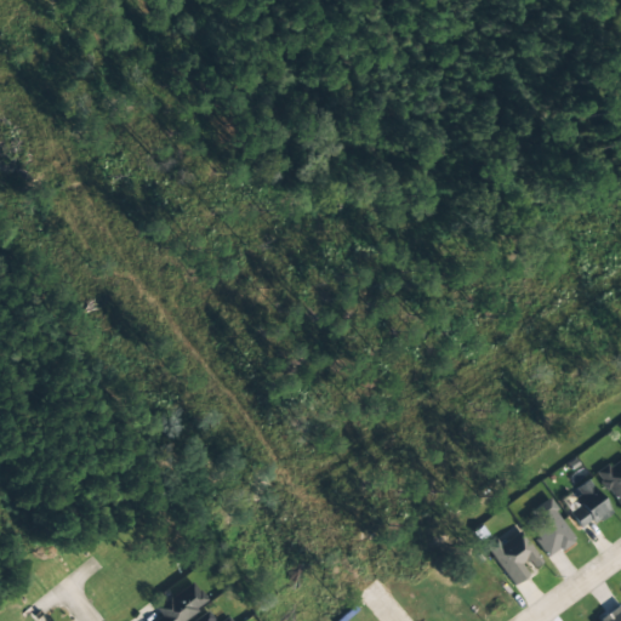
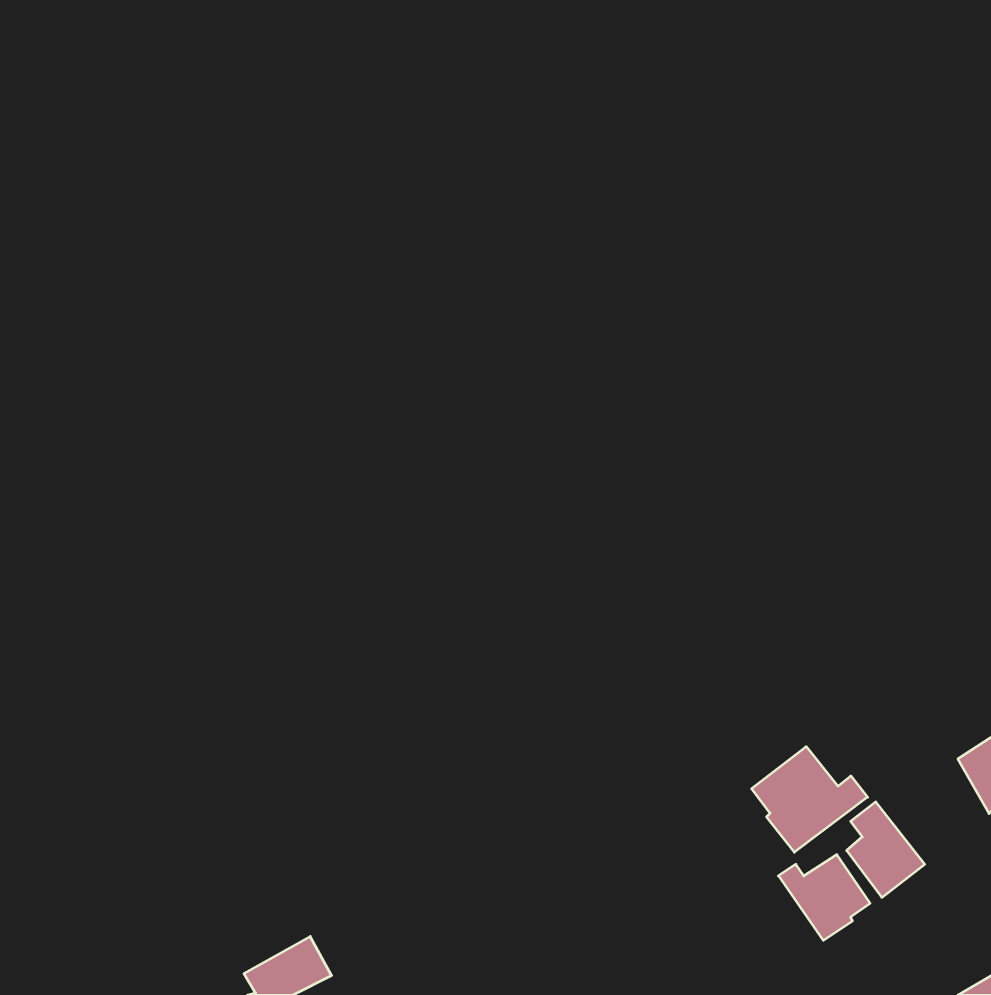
building: none -> [752,747,868,852]
building: [571,479,613,530] -> none

